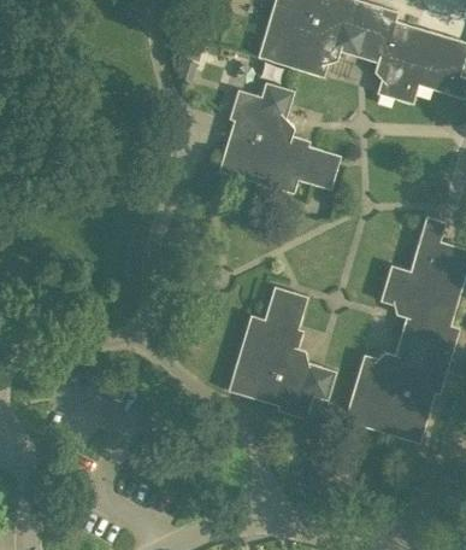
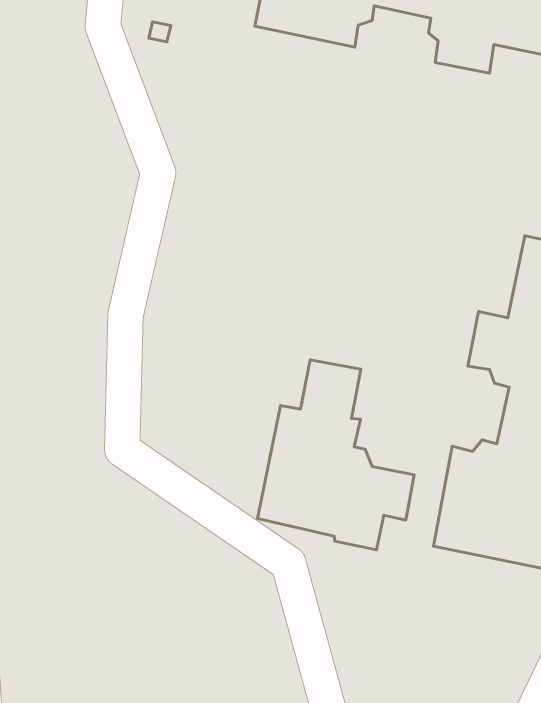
building: [219,81,342,193] -> none

